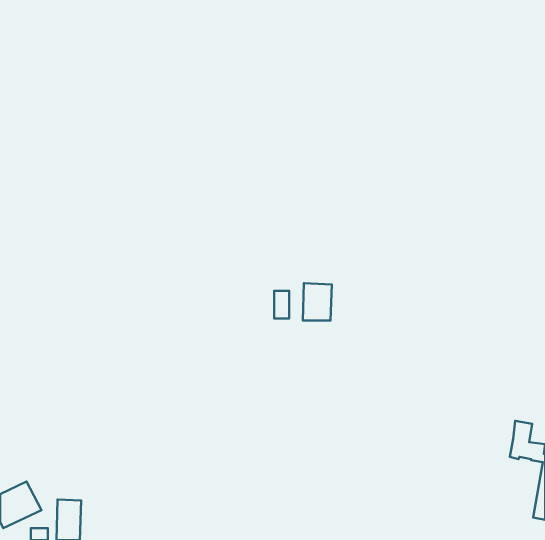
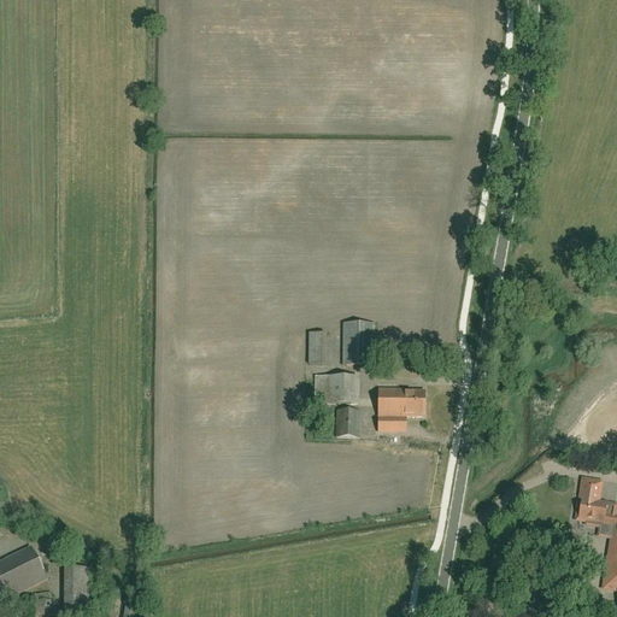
building: none -> [325,374,359,402]
building: none -> [377,388,423,430]
building: none -> [335,407,360,435]

